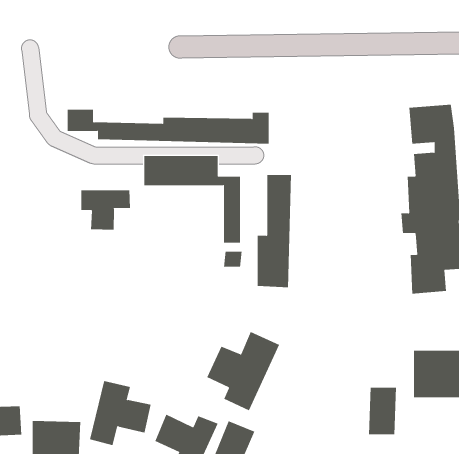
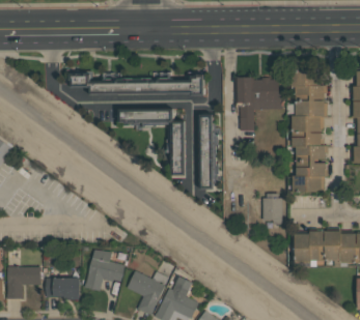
building: none -> [239,79,281,132]
building: [81,189,130,230] -> none
building: [206,331,280,411] -> none
building: [368,387,397,435] -> [264,192,282,223]

